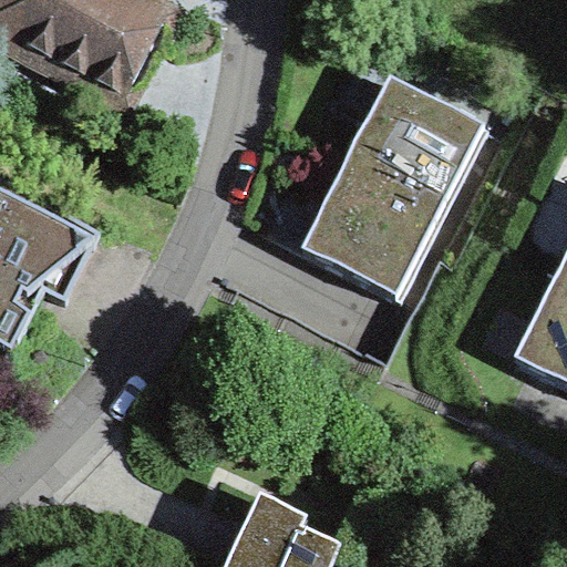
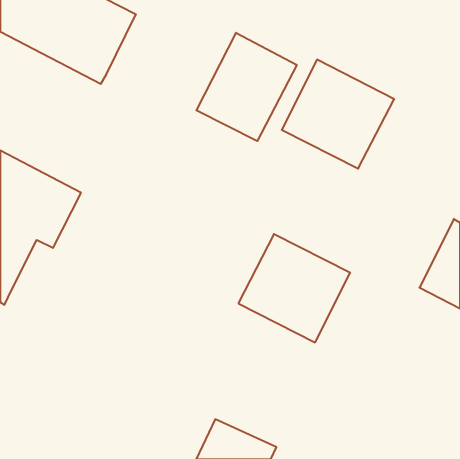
building: none -> [196,33,297,141]
building: [303,159,441,292] -> [239,234,350,342]

